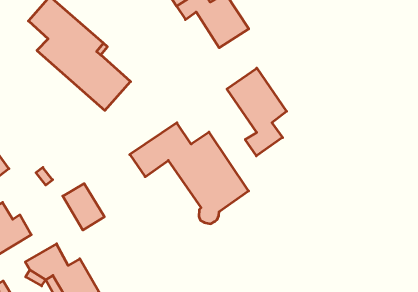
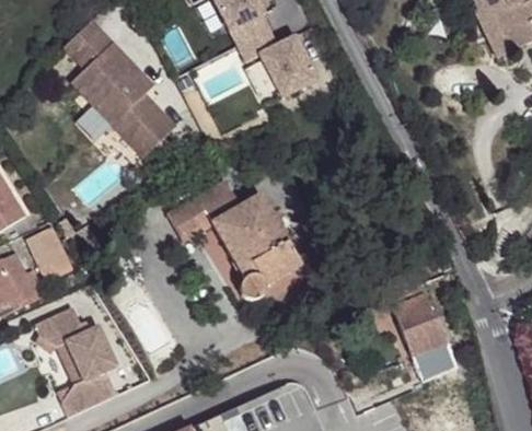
building: [227,68,287,156] -> none
building: [63,184,104,230] -> [25,226,71,280]
building: none -> [391,294,456,382]

